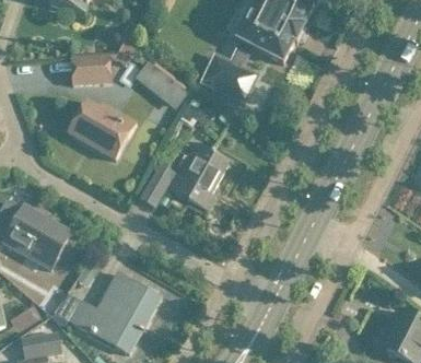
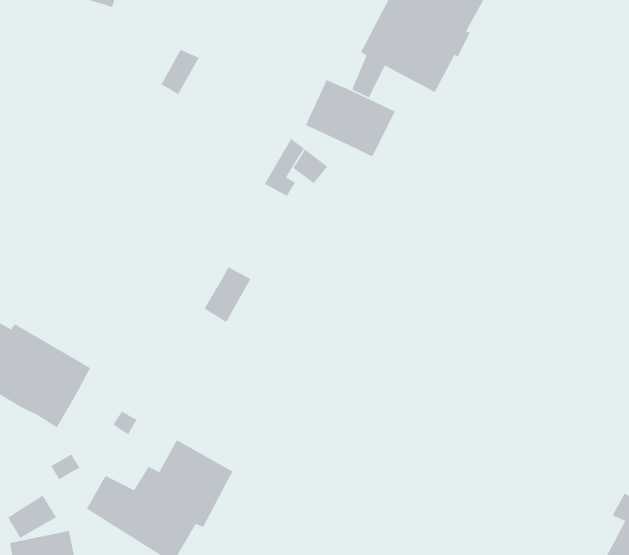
building: [70,54,110,83] -> none
building: [136,60,188,108] -> none
building: [68,97,136,157] -> none
building: [168,141,229,208] -> none

